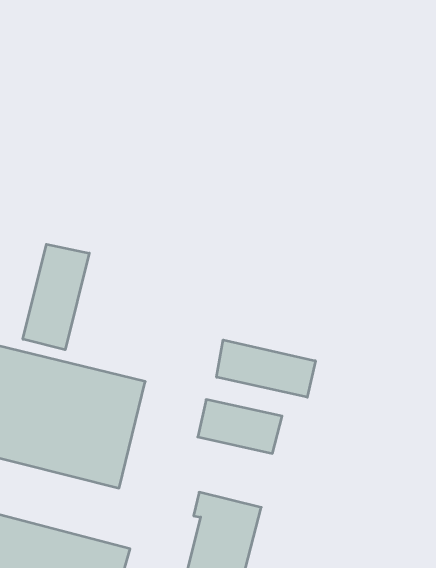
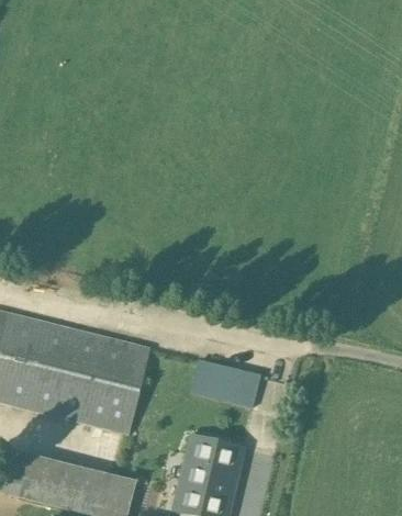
building: [23,244,89,350] -> none
building: [217,340,315,397] -> none

